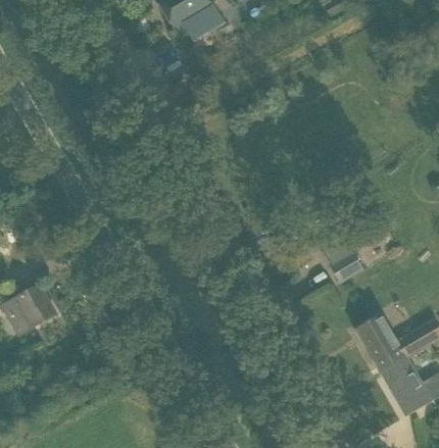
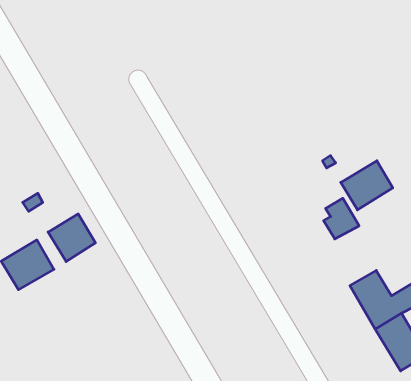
building: none -> [341,161,393,210]
building: none -> [48,214,95,262]

